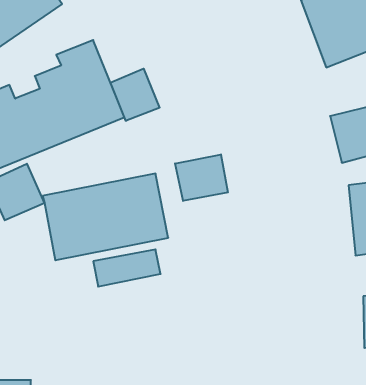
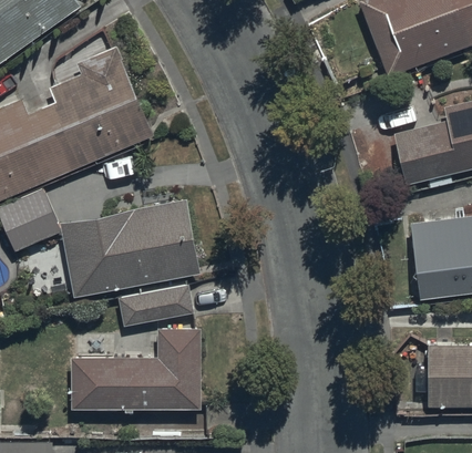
building: [111,69,160,121] -> none
building: [175,154,228,201] -> none
building: none -> [71,330,204,413]

